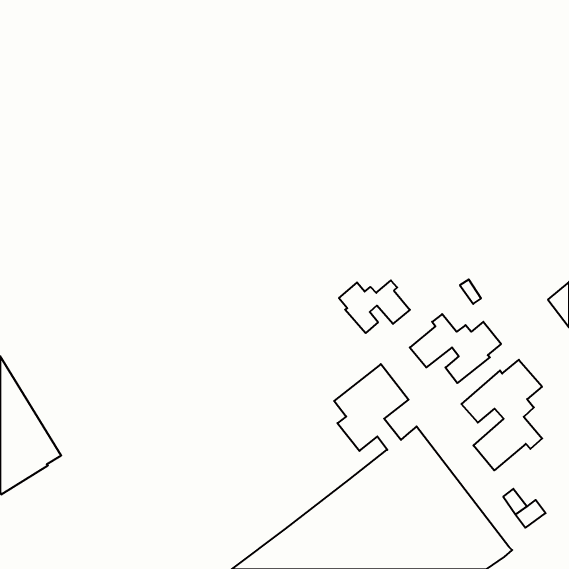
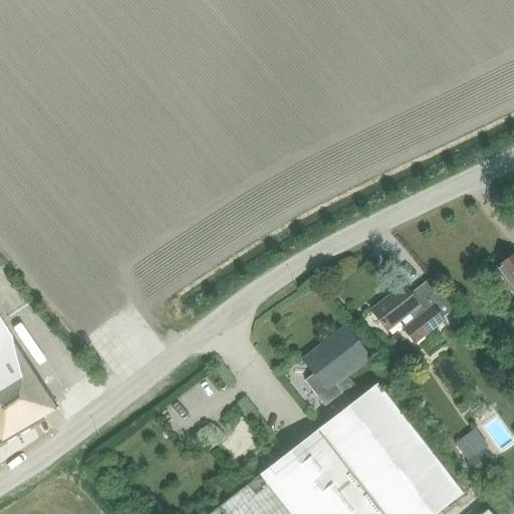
building: [339,280,410,333] -> none
building: [461,360,542,470] -> none

